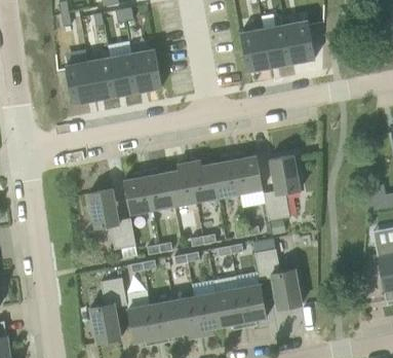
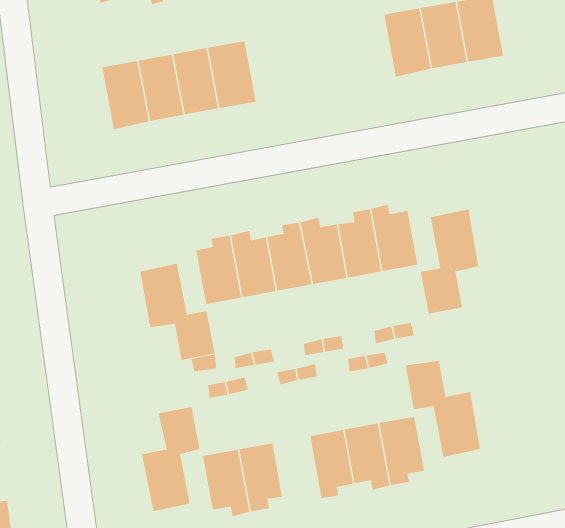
building: [171,296,201,338] -> none

